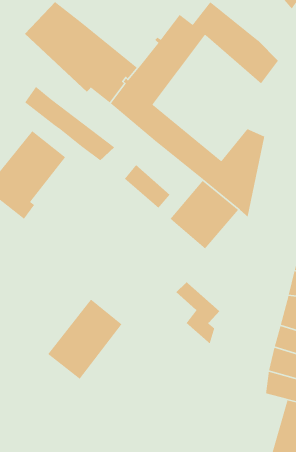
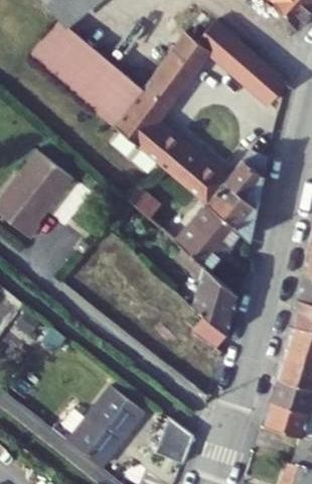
building: [24,86,115,161] -> none
building: none -> [174,249,239,336]
building: [47,298,123,380] -> [67,390,144,473]
building: none -> [152,417,194,465]

